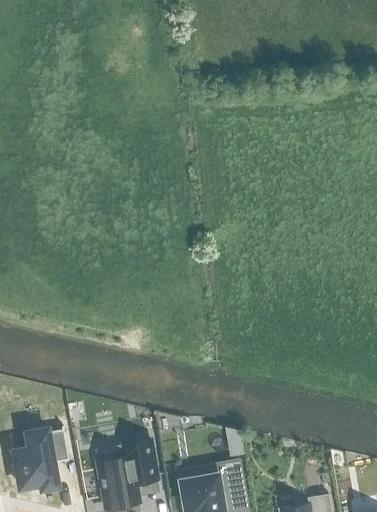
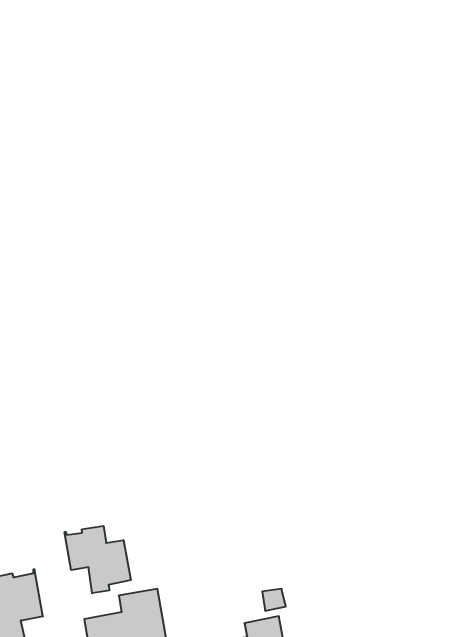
building: none -> [65,526,131,593]

